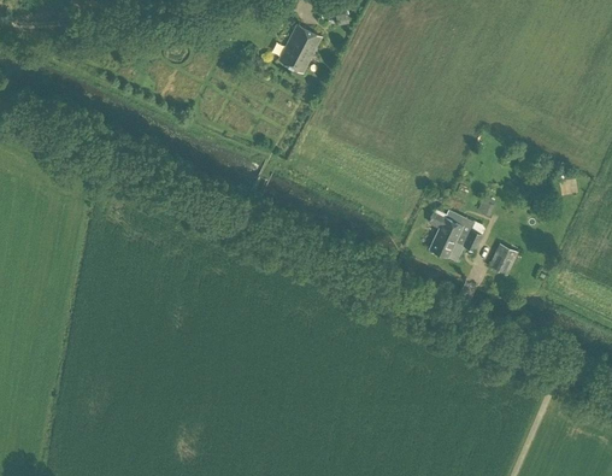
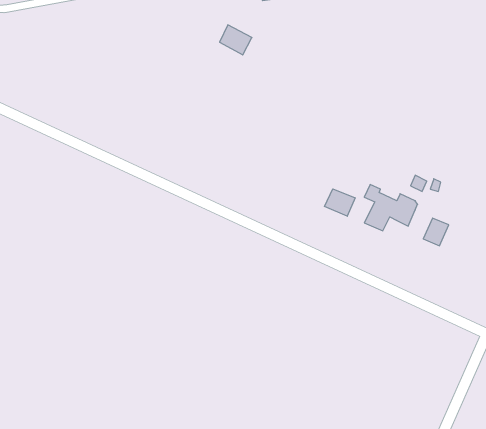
building: [287,25,322,57] -> none
building: none -> [324,189,355,216]

